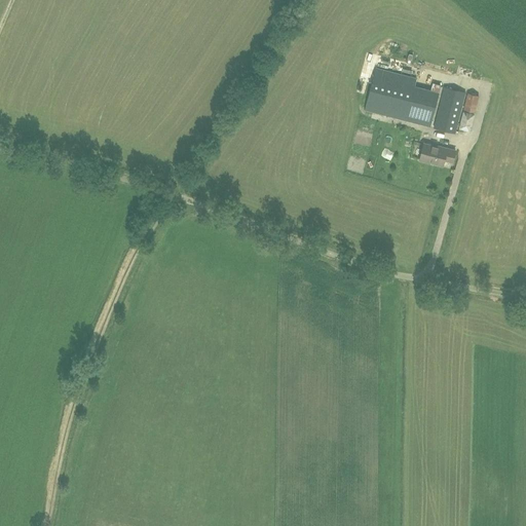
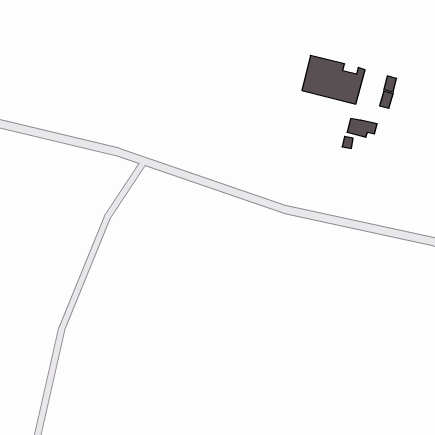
building: [433,86,464,132] -> none

